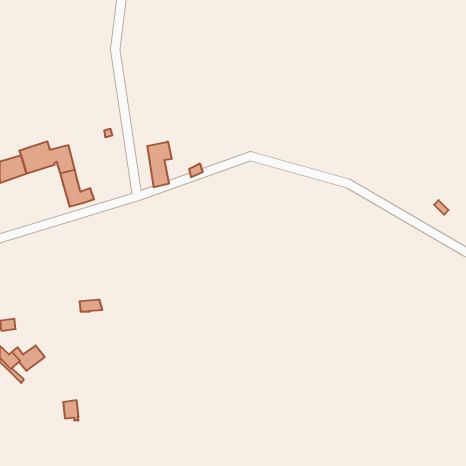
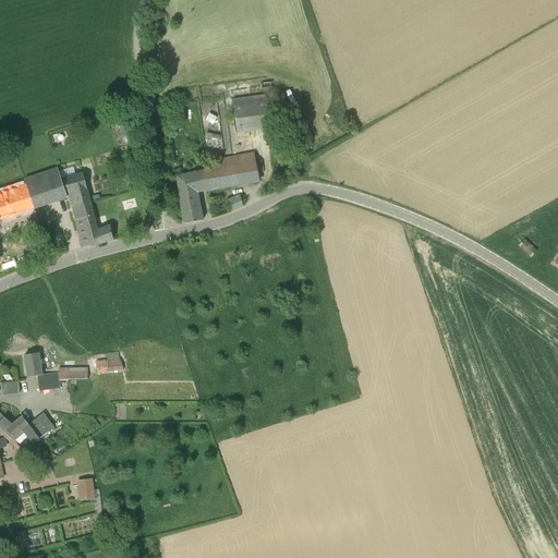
building: none -> [233,92,270,130]
building: none -> [201,151,258,190]
building: none -> [23,352,87,390]

